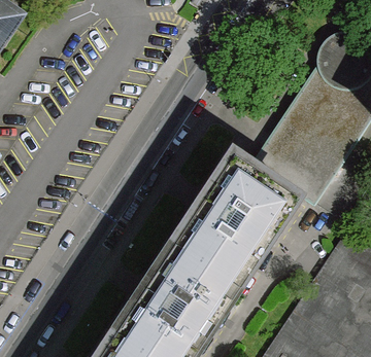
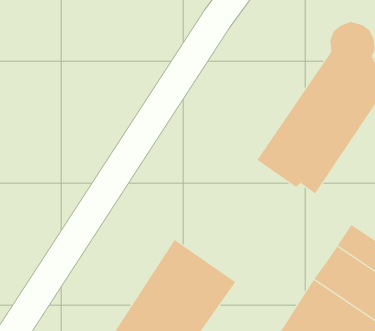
building: [173,159,291,290] -> none

